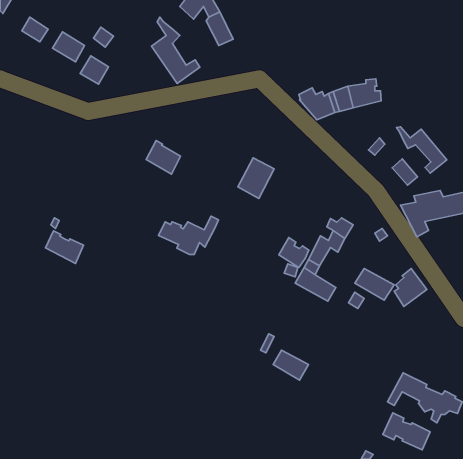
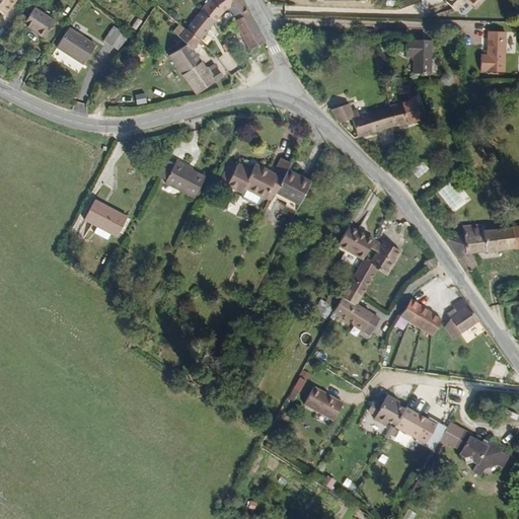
building: none -> [179,7,217,40]
building: none -> [486,22,509,61]
building: none -> [411,30,434,64]
building: [80,56,108,84] -> none
building: [396,127,447,173] -> none
building: [159,216,219,254] -> [221,163,288,206]
building: [45,231,84,263] -> [84,197,127,233]
building: [279,238,309,268] -> [337,230,370,264]
building: [383,413,430,450] -> [380,397,433,439]

